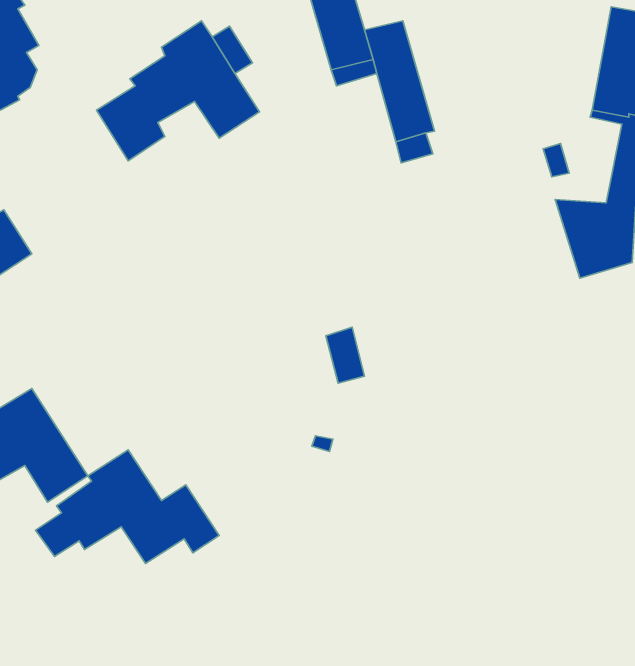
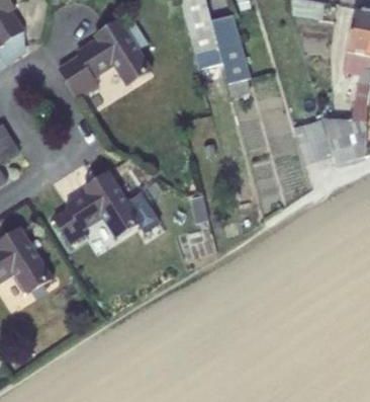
building: none -> [294,120,331,164]
building: [35,450,219,563] -> [54,172,160,238]

